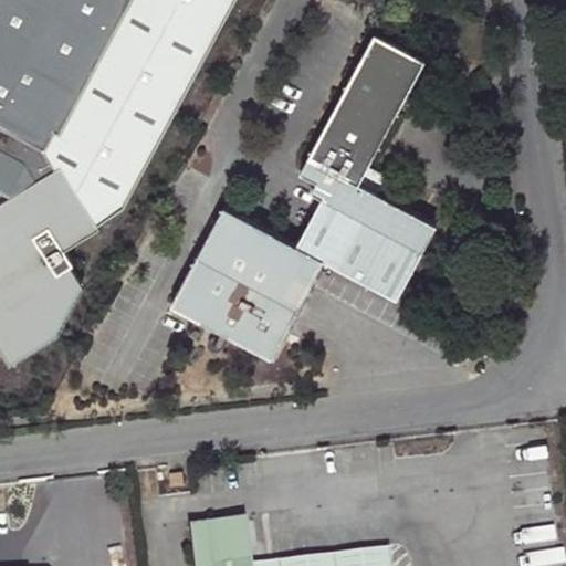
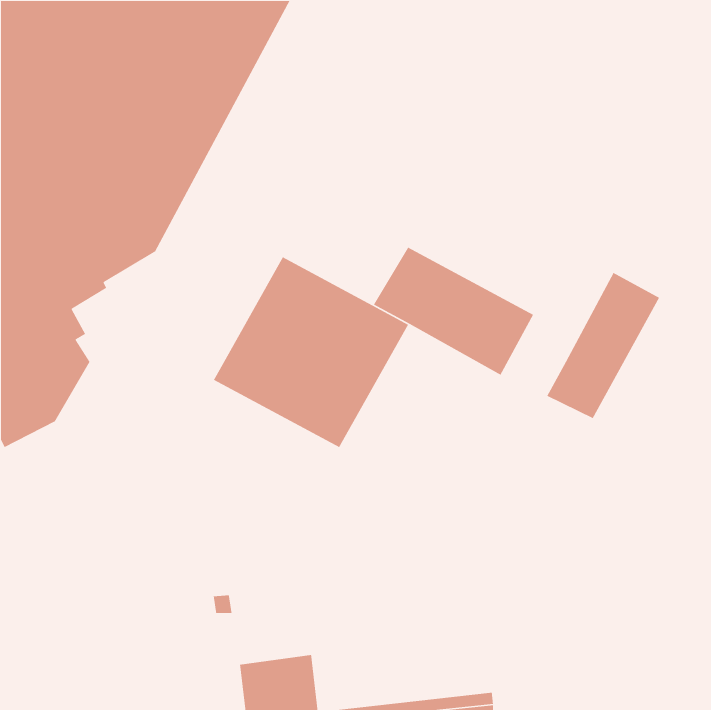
building: [302,34,438,251] -> none
building: none -> [546,272,660,419]

